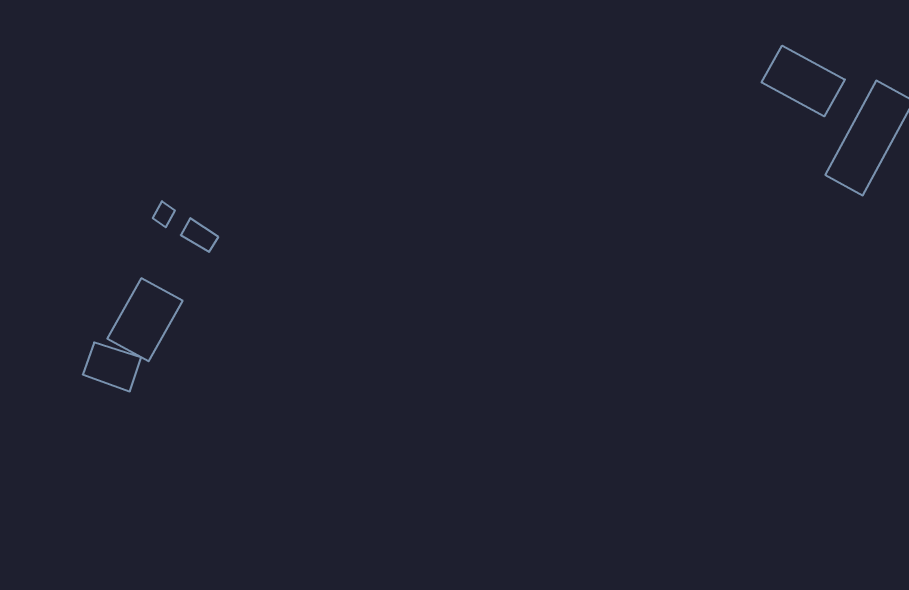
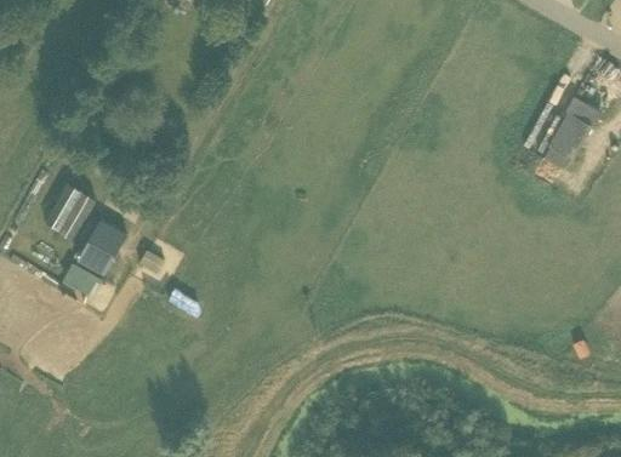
building: [762,46,845,116] -> none
building: none -> [55,184,95,234]

